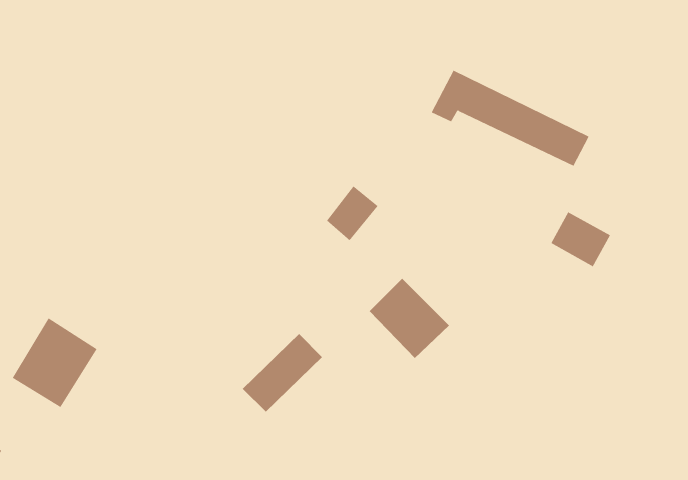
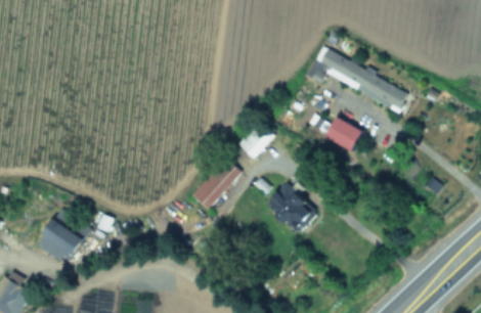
building: [550,211,611,267] -> [324,116,363,151]
building: [242,333,323,413] -> [190,158,243,209]

